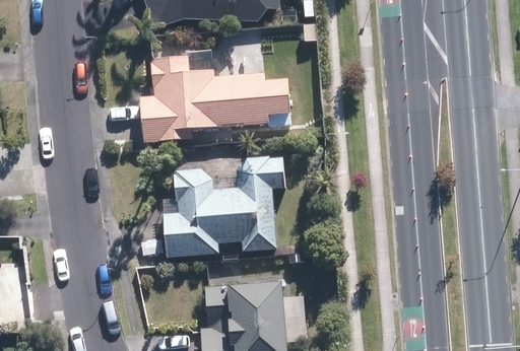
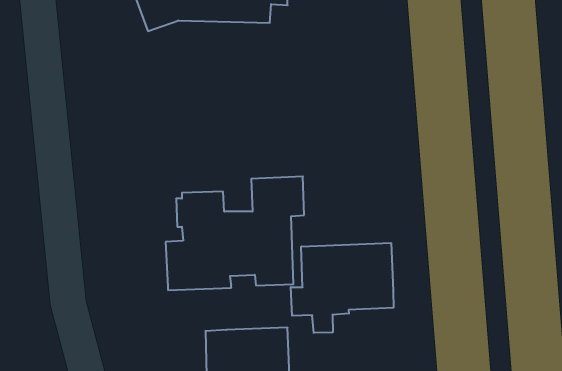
building: [146,56,292,139] -> none
building: none -> [291,243,393,333]

